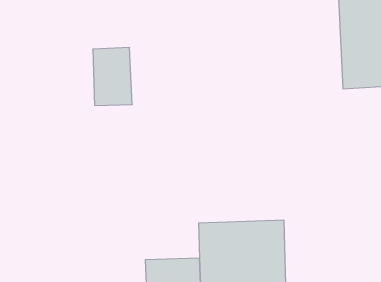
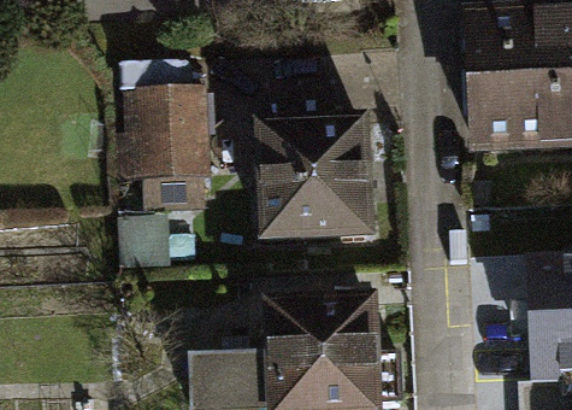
building: none -> [256,124,362,234]

